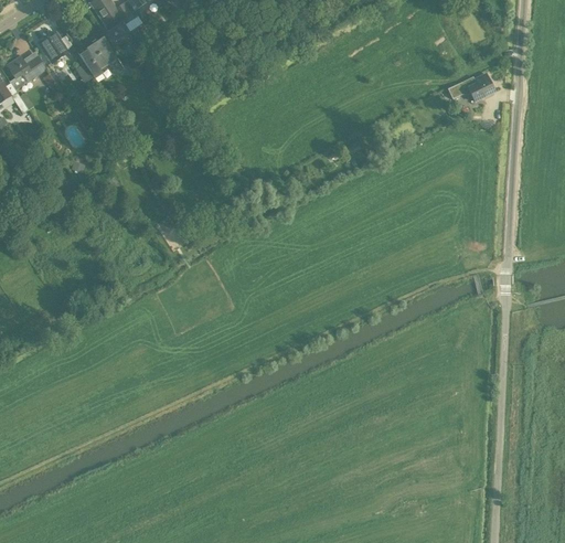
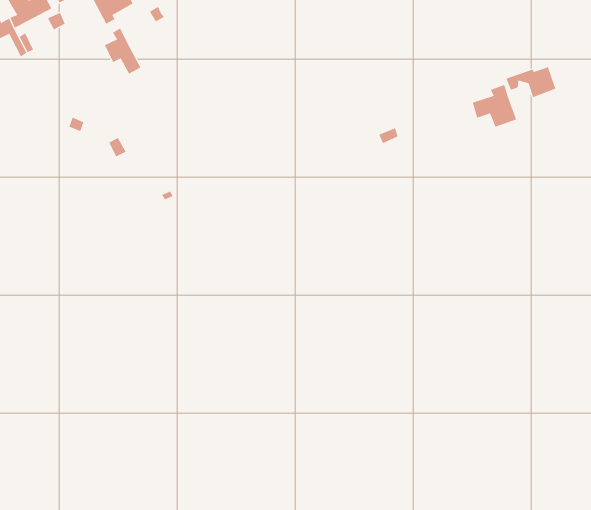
building: none -> [104,28,141,74]
building: none -> [472,84,517,128]

